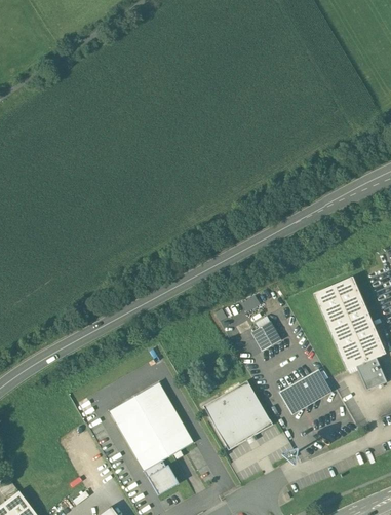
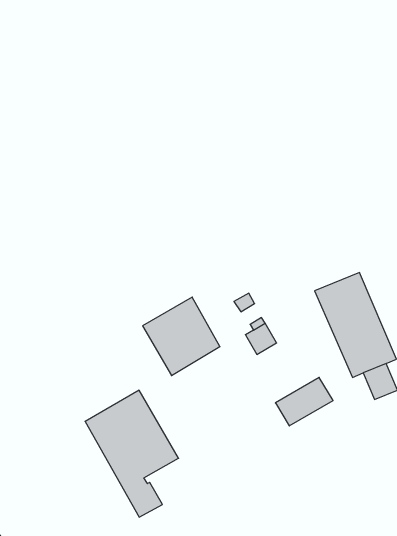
building: [202,380,271,450] -> [143,297,220,376]

